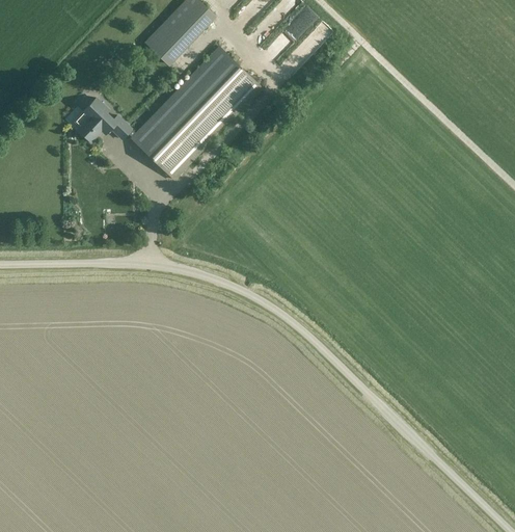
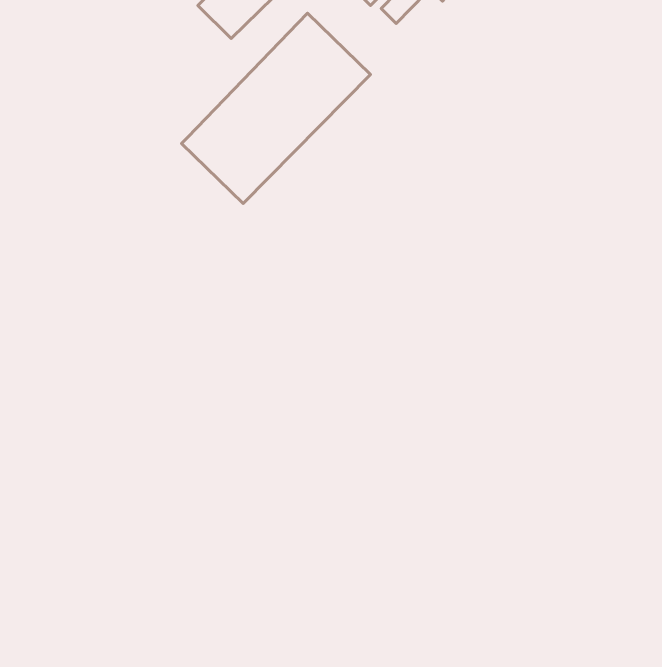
building: [75,97,136,140] -> none

